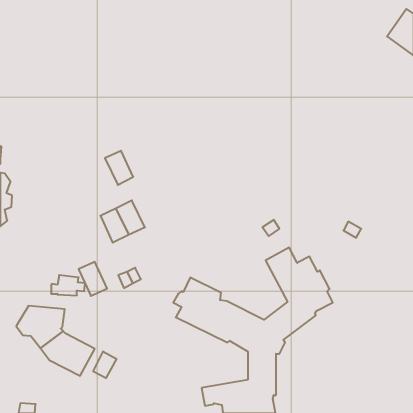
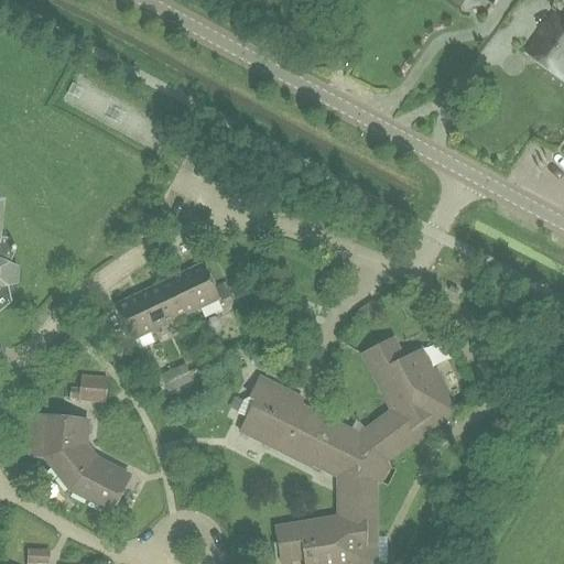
building: [105,151,133,185] -> [181,262,219,308]
building: [79,262,107,296] -> [116,293,154,339]
building: [93,351,116,378] -> none

